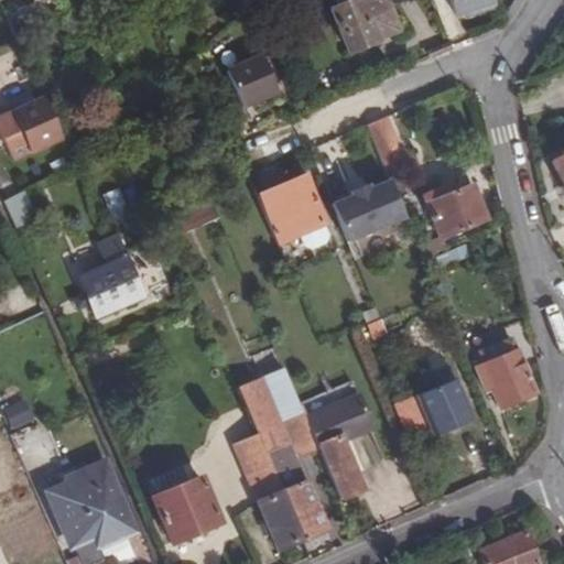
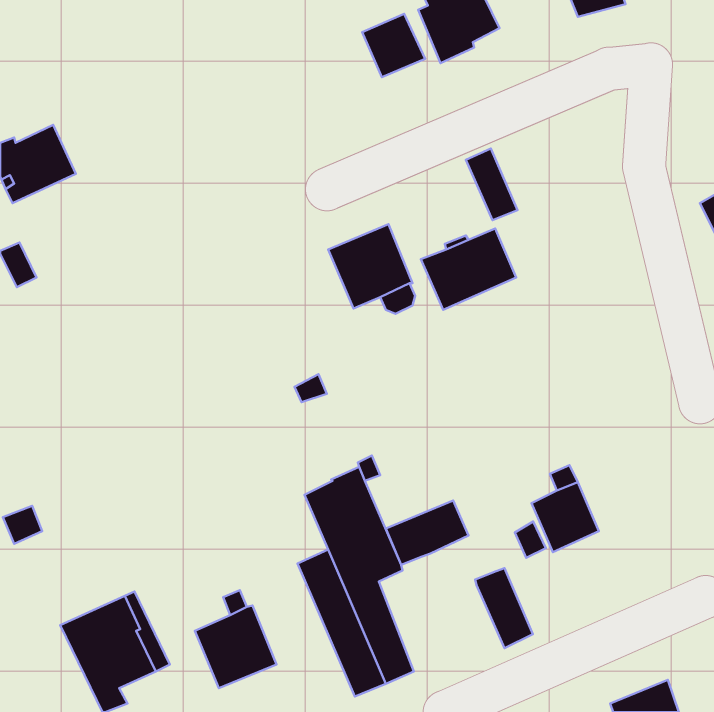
building: [225,56,274,106] -> [362,14,425,77]
building: [424,185,487,240] -> none
building: [79,235,145,318] -> none
building: [479,350,536,405] -> none
building: [317,435,362,498] -> [475,568,533,648]

